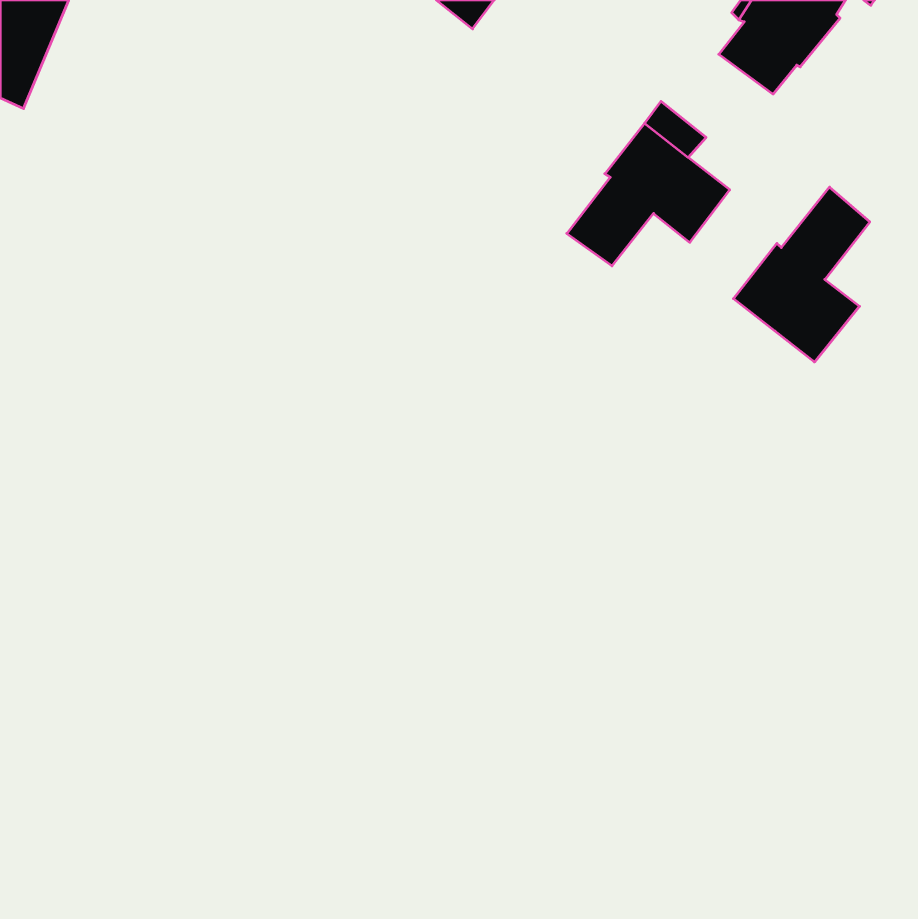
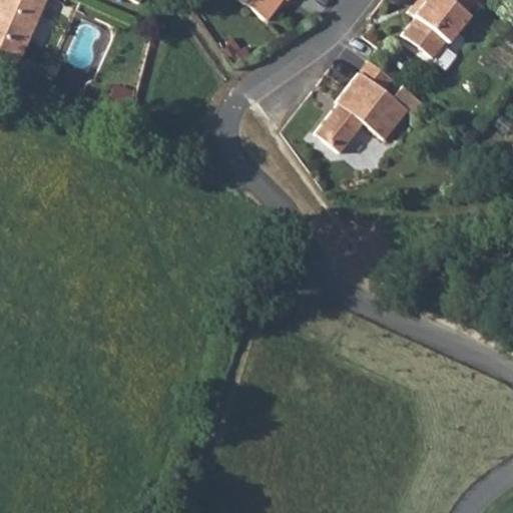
building: [733,187,870,362] -> none

